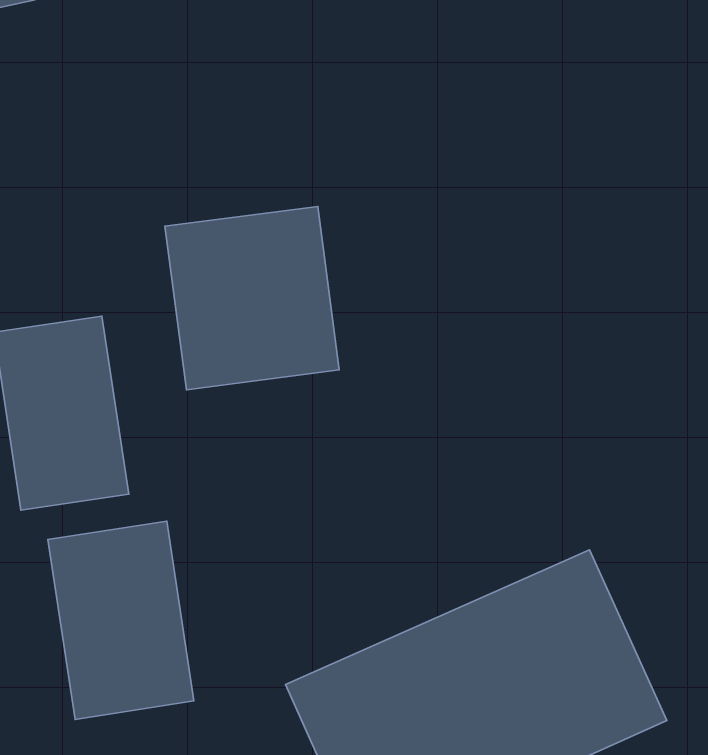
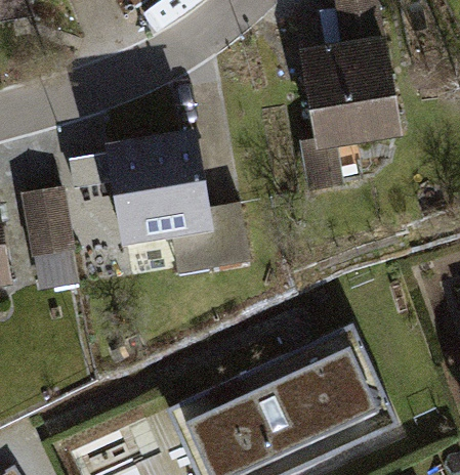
building: none -> [295,36,400,188]
building: [48,521,194,719] -> none

